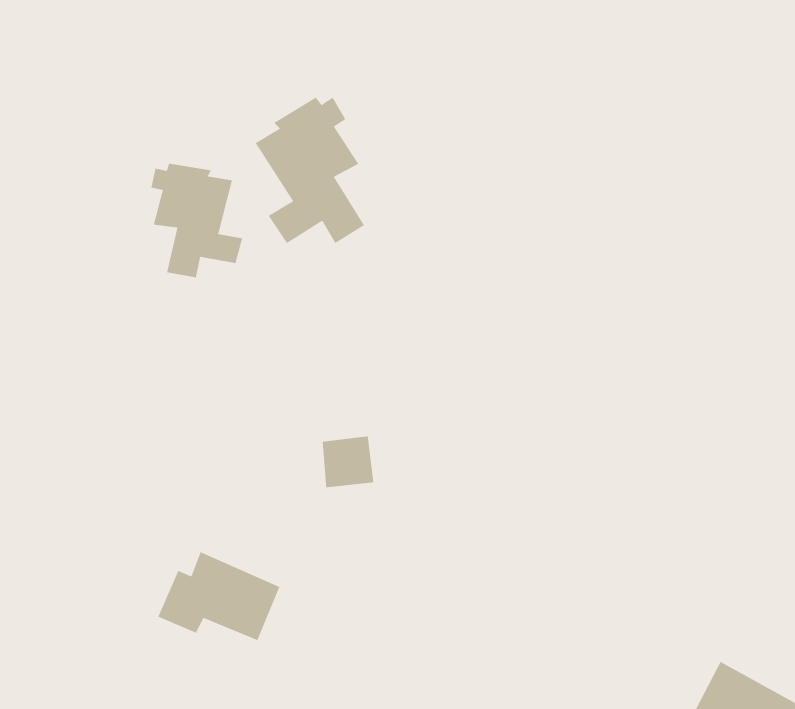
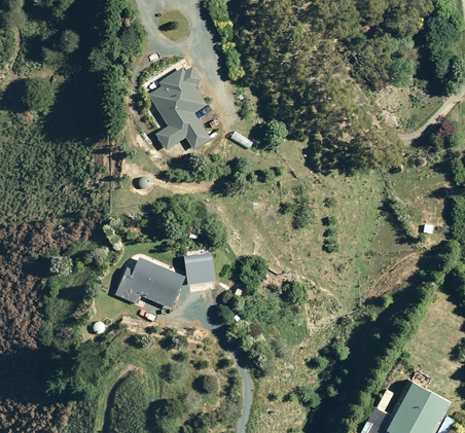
building: [151,163,243,278] -> none
building: [157,551,280,641] -> [115,257,183,306]

